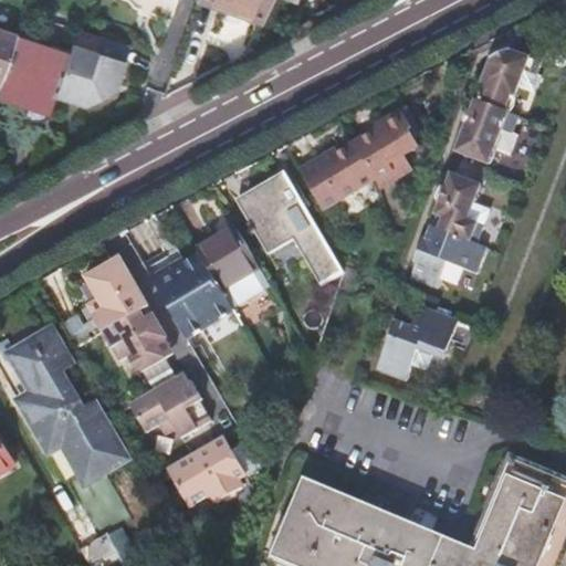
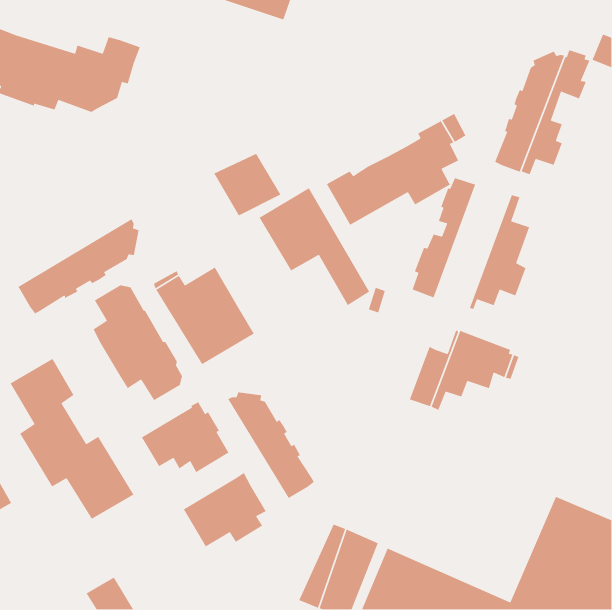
building: [410,172,470,284] -> [411,177,476,298]
building: none -> [17,218,140,315]
building: [198,227,261,285] -> [213,153,282,216]
building: none -> [227,391,315,499]

